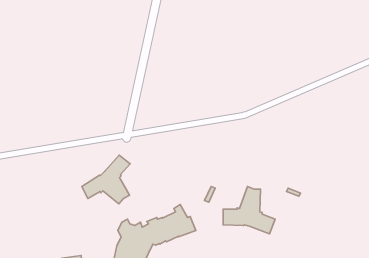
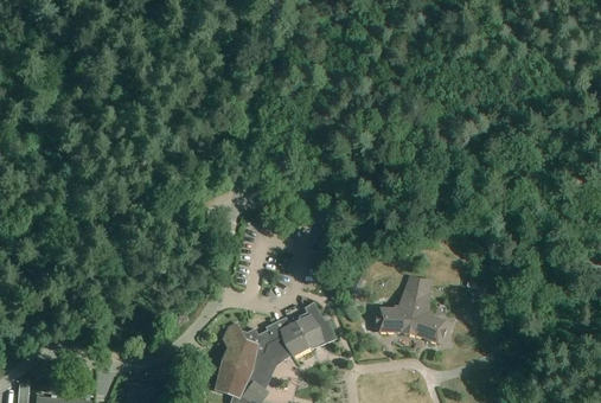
building: [82,155,130,204] -> none

